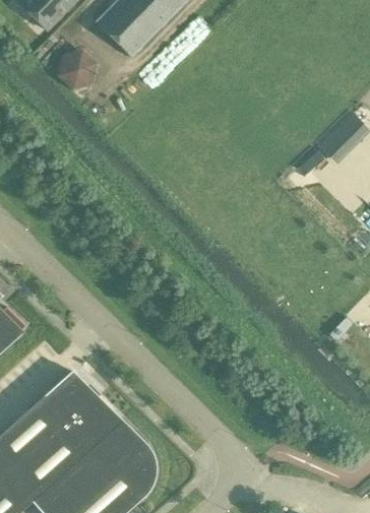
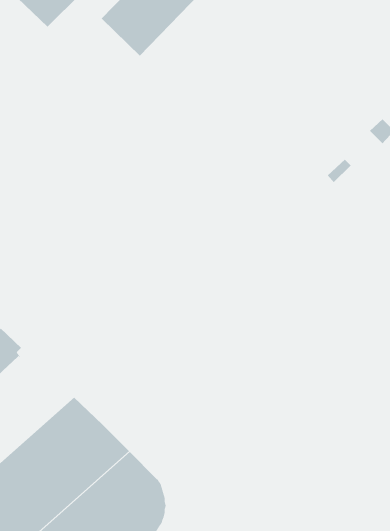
building: [55,46,100,90] -> none

